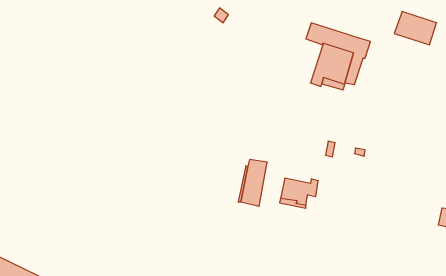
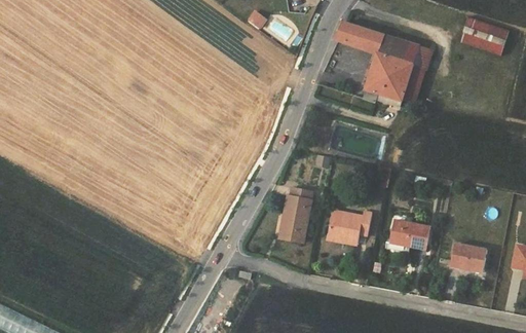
building: none -> [336,22,364,47]
building: none -> [390,219,430,249]
building: none -> [451,244,487,272]

